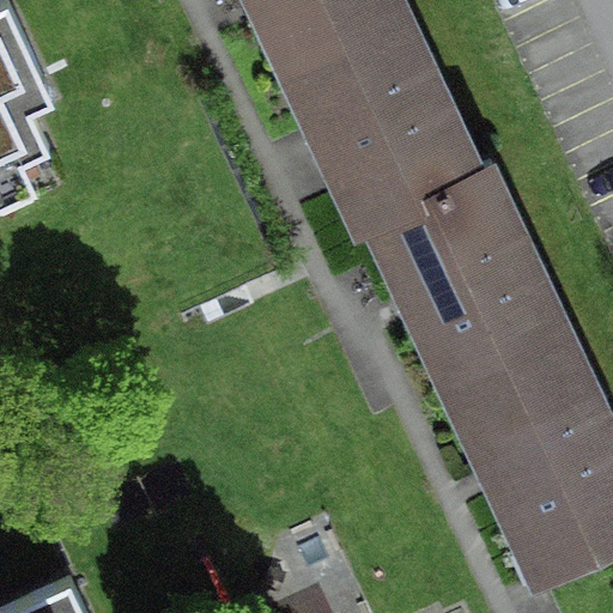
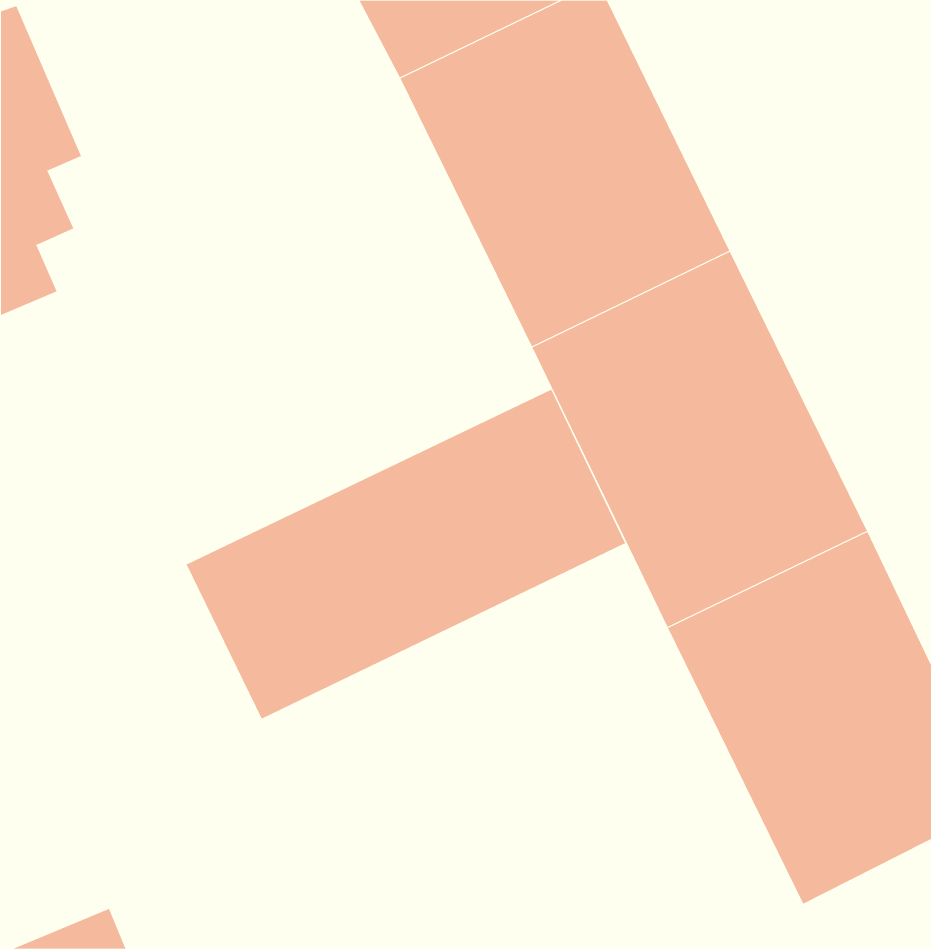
building: none -> [186,389,626,719]

